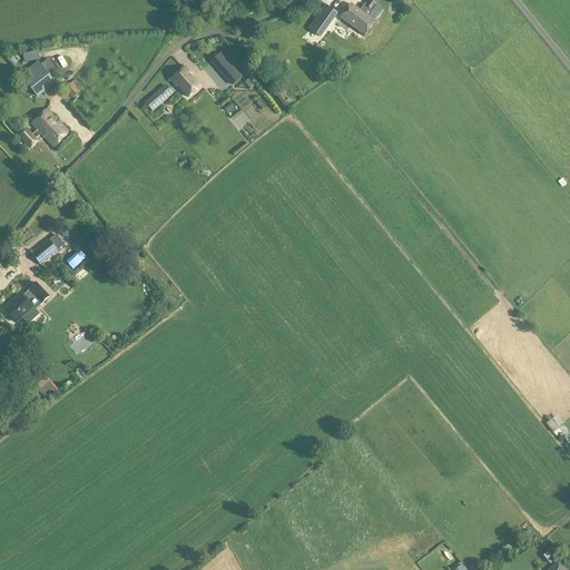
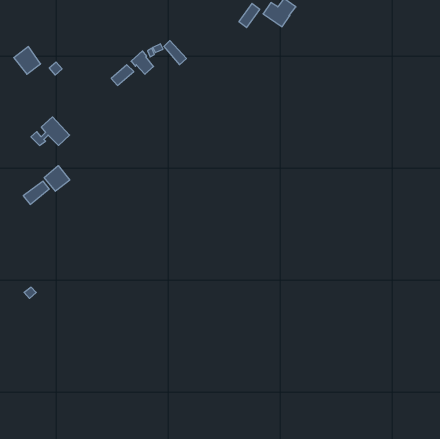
building: [18,109,68,146] -> [31,117,70,145]
building: none -> [44,166,70,191]
building: [6,282,48,324] -> none

